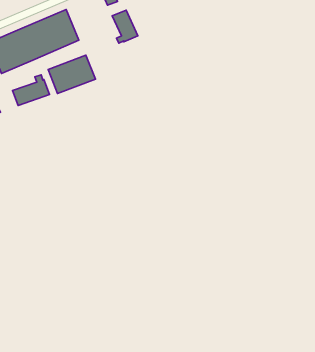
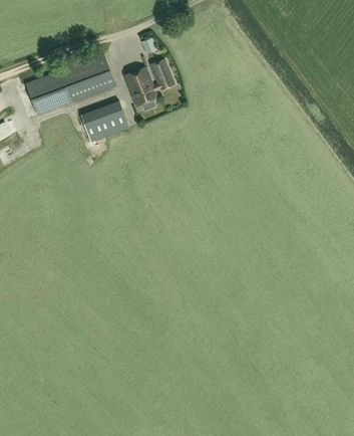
building: none -> [122,67,156,106]
building: [13,75,49,105] -> none

